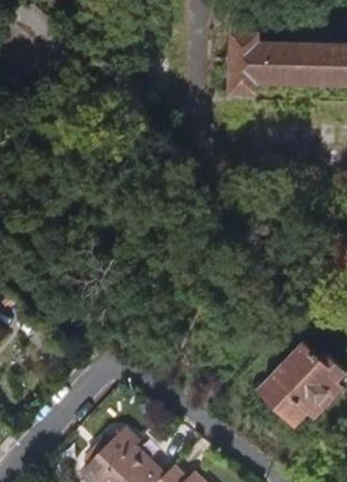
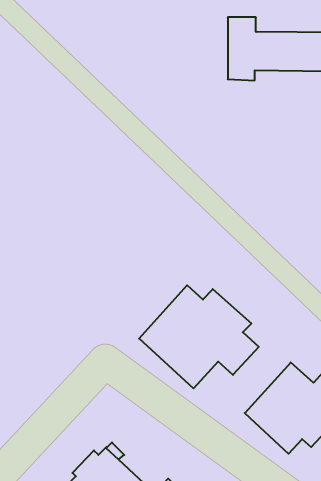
building: none -> [139,285,259,388]

